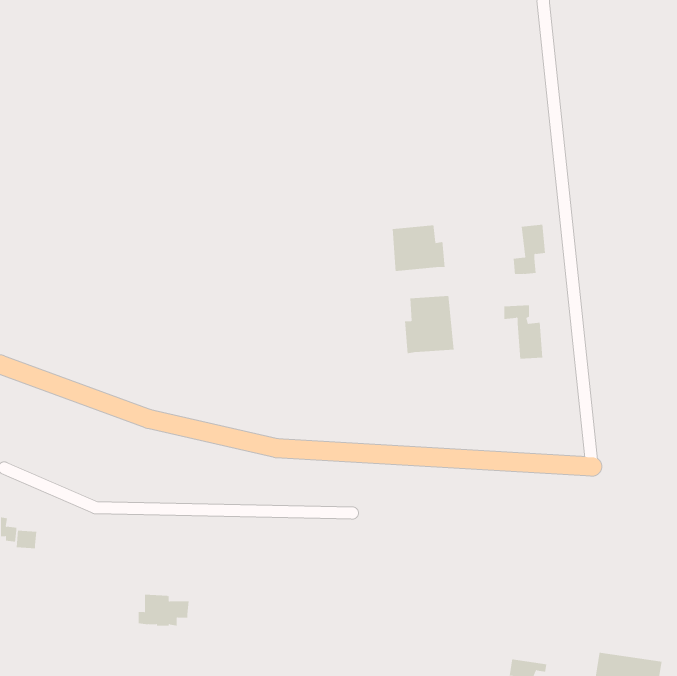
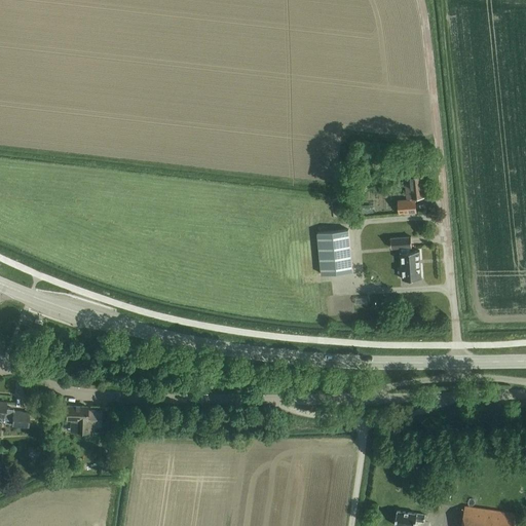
building: [392,225,445,272] -> none
building: [138,594,189,626] -> [62,406,102,430]

